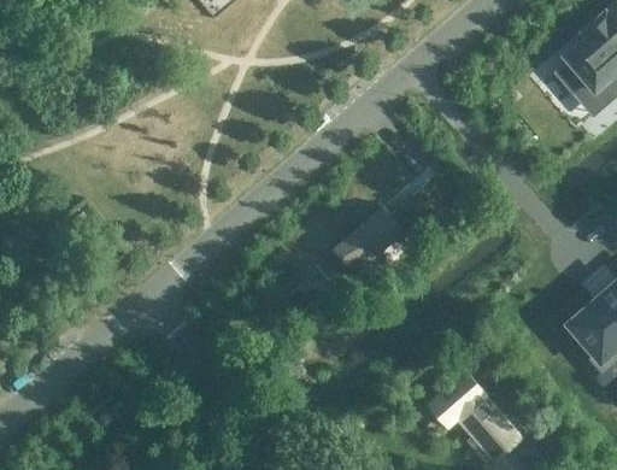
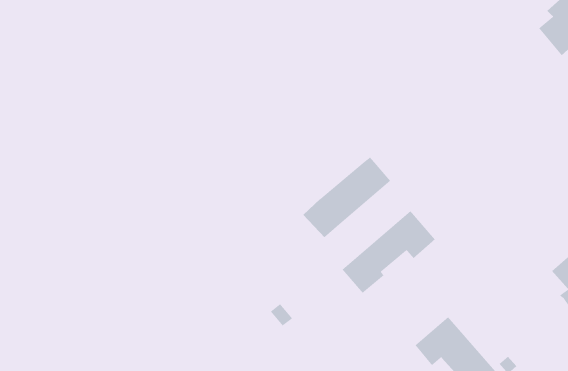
building: none -> [341,210,436,294]

